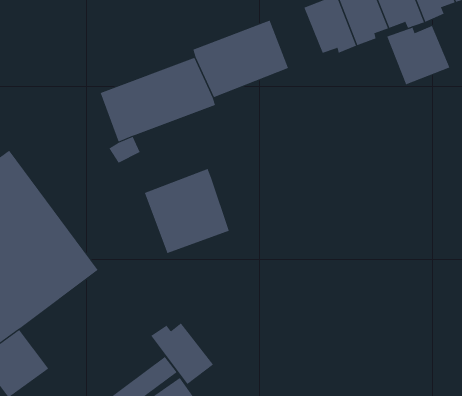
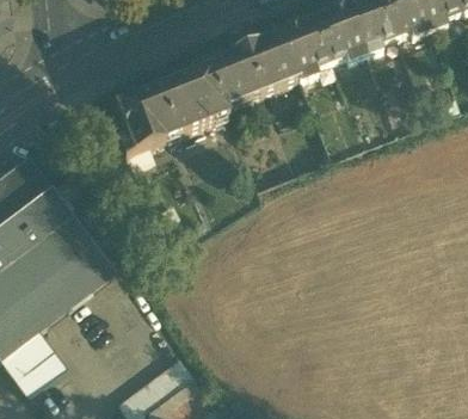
building: none -> [281,18,331,79]
building: [387,25,450,85] -> none
building: [144,168,230,254] -> none
building: [151,322,214,385] -> none

